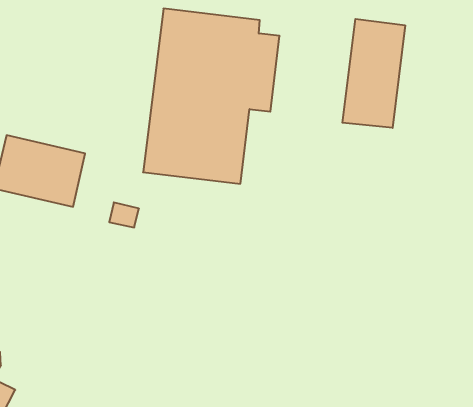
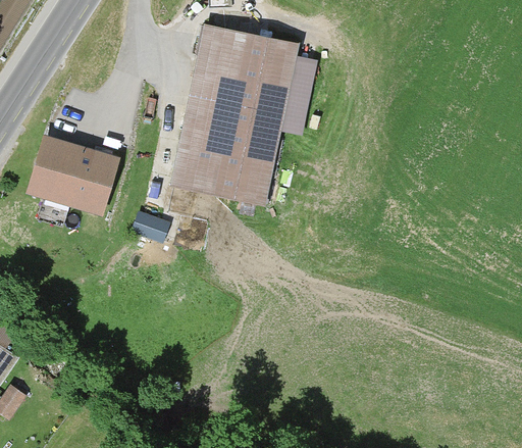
building: [342,19,405,128] -> none

